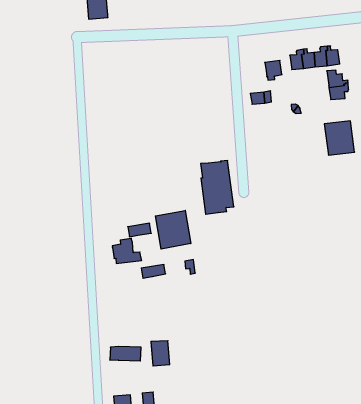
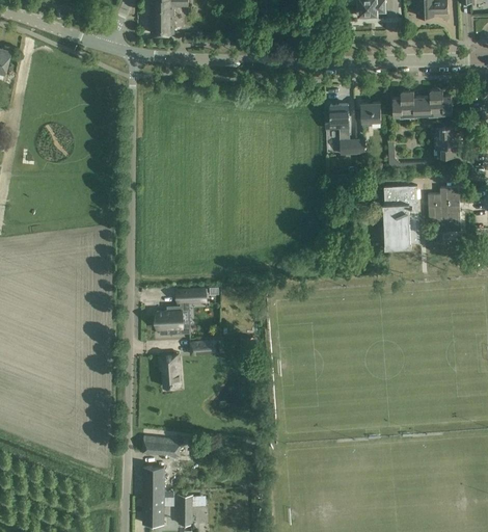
building: none -> [326,104,349,129]
building: [201,161,234,214] -> [383,186,421,249]
building: [155,210,191,249] -> none
building: none -> [159,353,182,388]
building: [151,341,170,366] -> [143,467,164,497]

